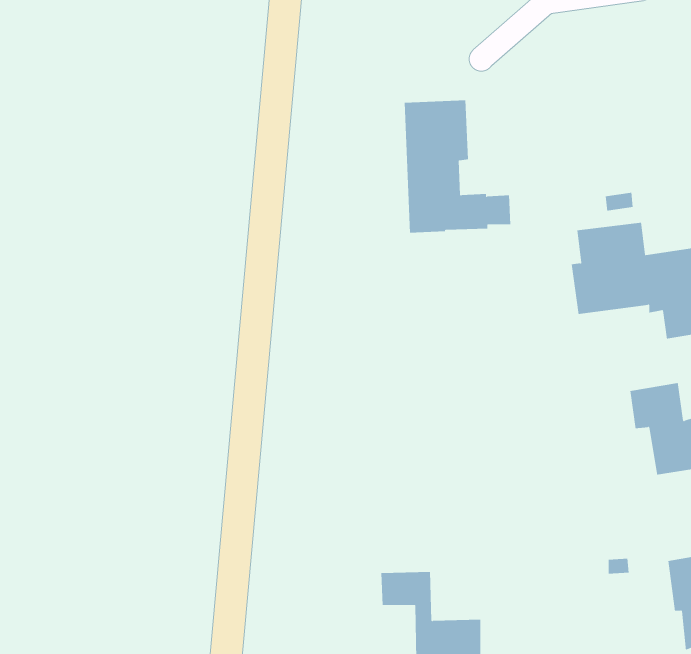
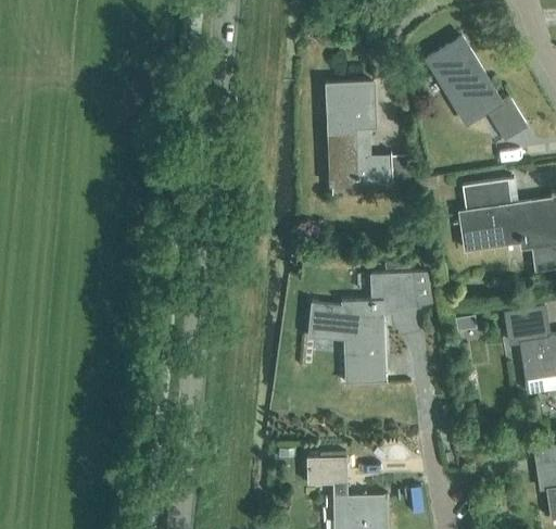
building: none -> [427,38,527,140]
building: none -> [309,274,433,385]

